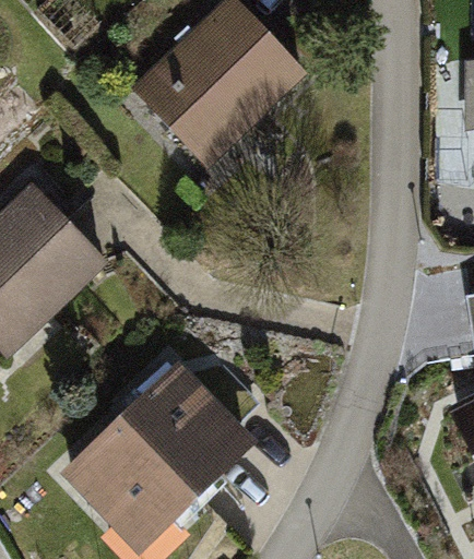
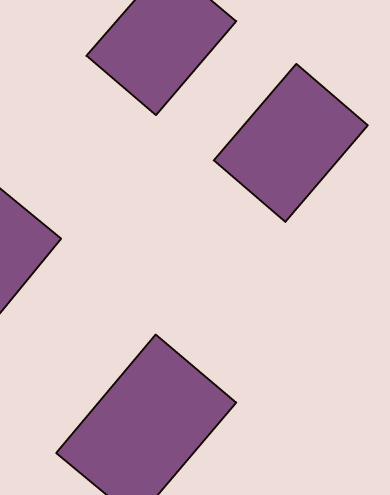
building: none -> [214,64,368,222]

